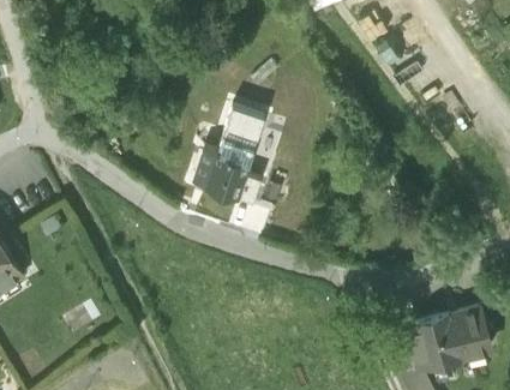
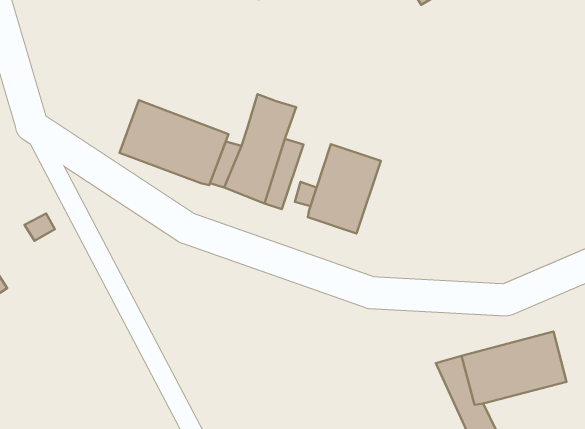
building: none -> [119,100,229,185]
building: none -> [308,144,381,233]

